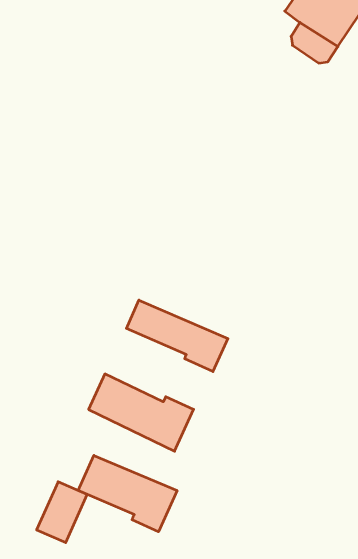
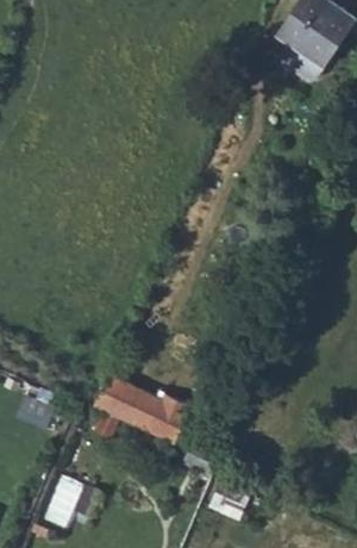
building: [126,300,228,372] -> none
building: [78,455,177,532] -> none

